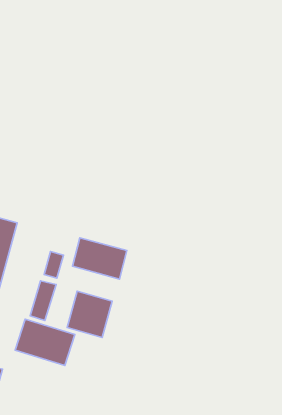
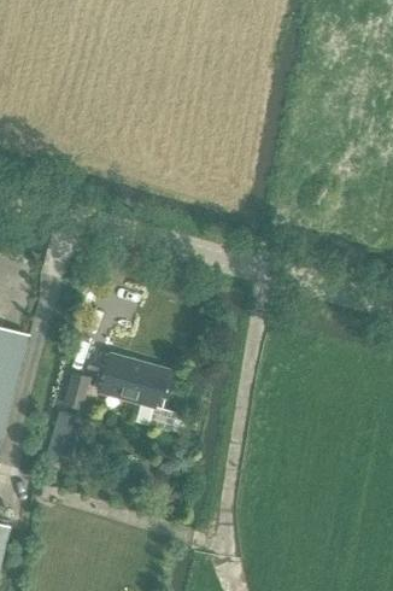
building: [67,291,112,337] -> none
building: [15,319,75,365] -> none

